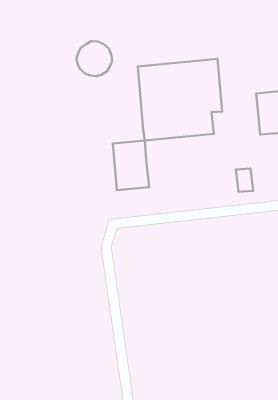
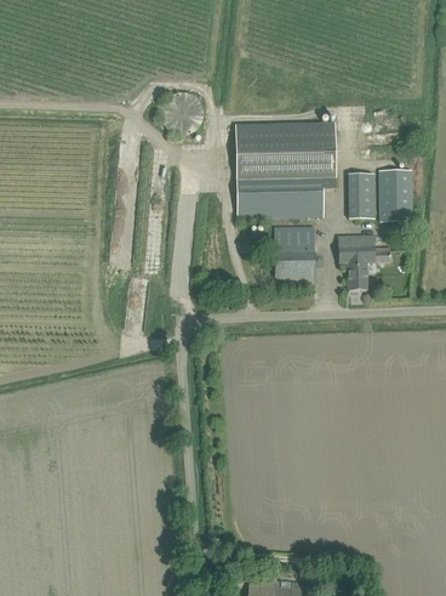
building: none -> [348,171,374,218]
building: [113,140,149,190] -> [274,225,315,284]
building: none -> [338,232,390,261]

